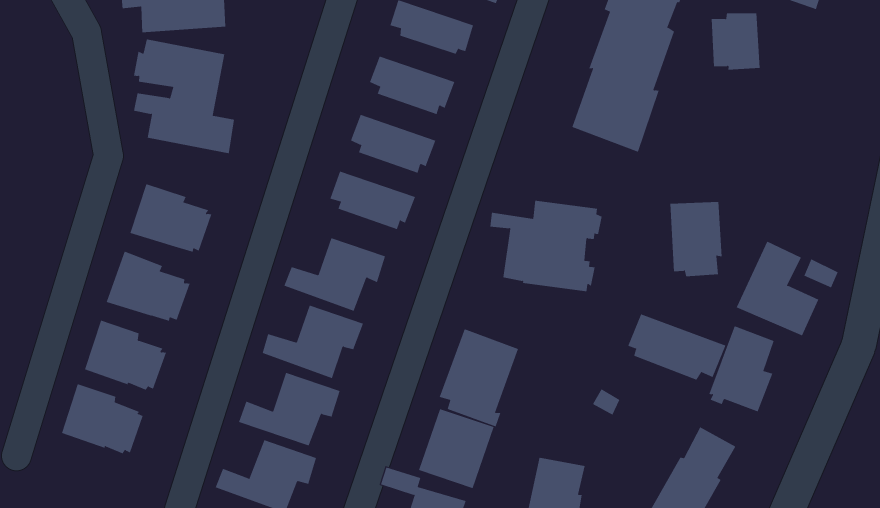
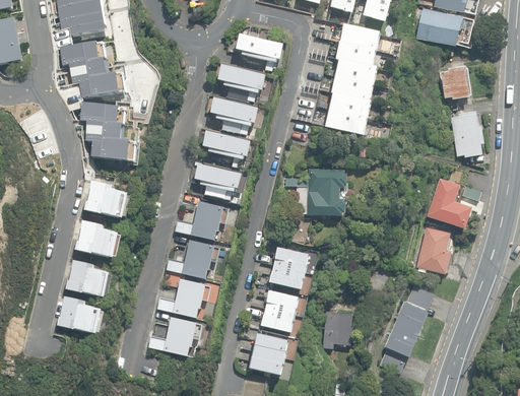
building: [711,13,761,70] -> [439,66,469,100]
building: [669,201,722,277] -> [451,114,483,157]
building: [628,313,726,381] -> none

